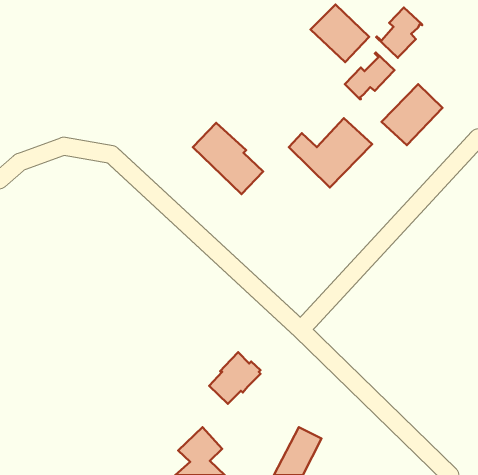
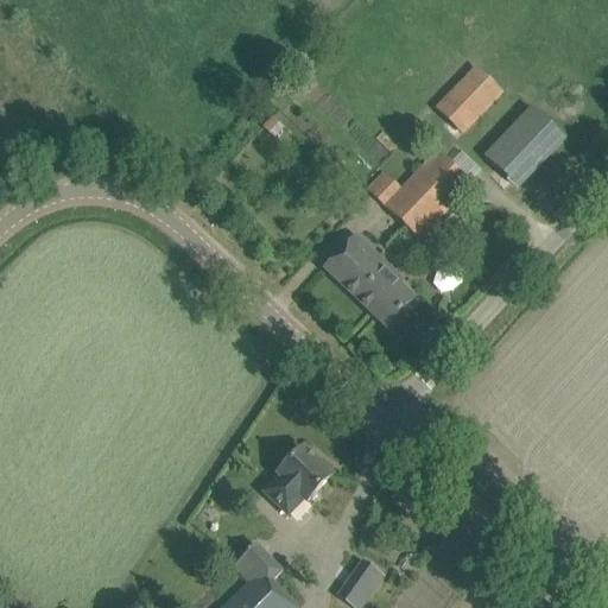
building: [311,4,369,62] -> none
building: [376,8,422,58] -> none
building: [193,123,263,194] -> [324,235,413,325]

